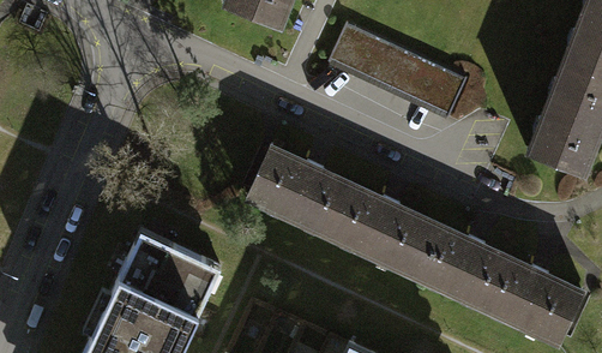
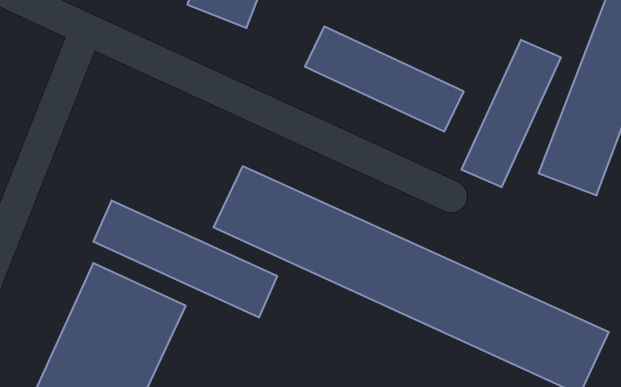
building: none -> [462,40,561,187]
building: none -> [94,200,277,317]

